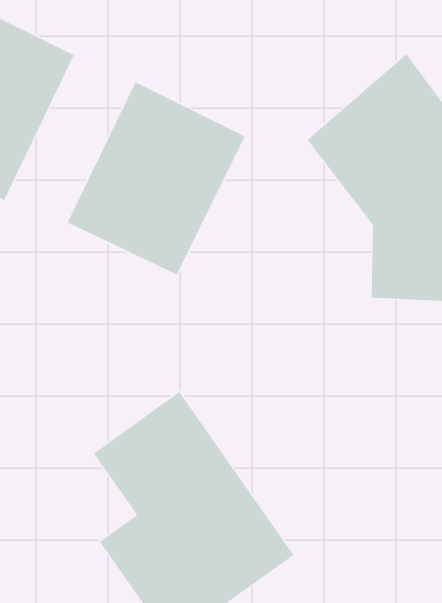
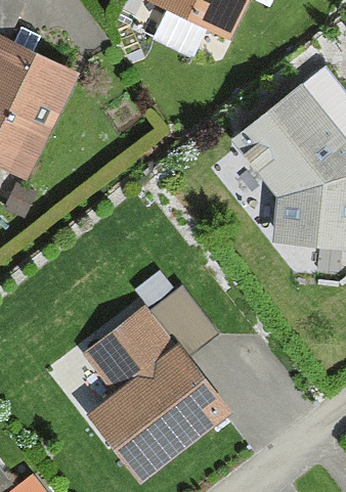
building: [66,81,246,276] -> none

